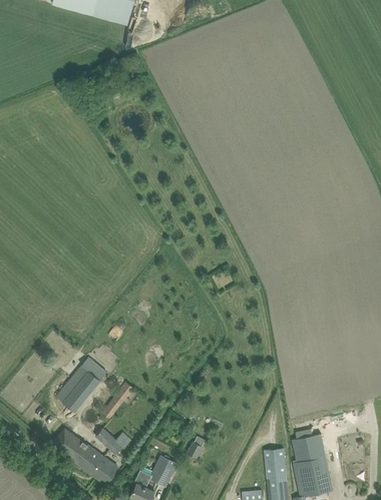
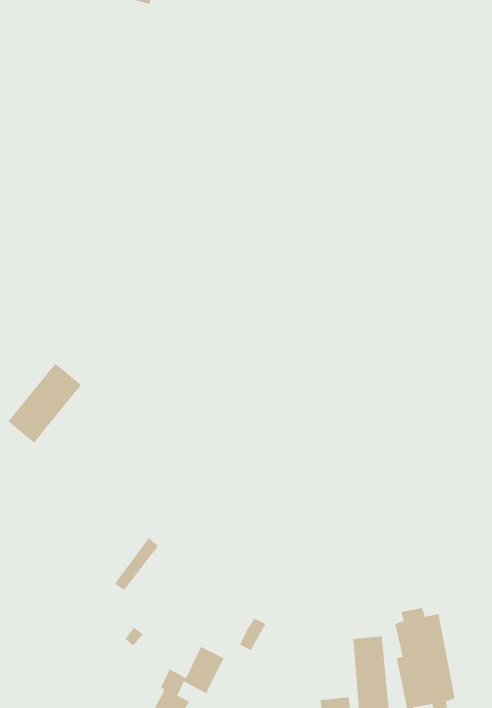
building: [55,358,105,412] -> [7,363,82,443]
building: [51,427,118,485] -> none

